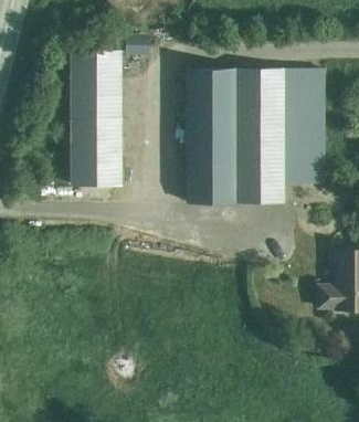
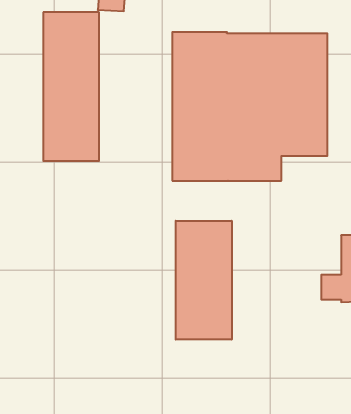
building: none -> [176,221,232,340]

